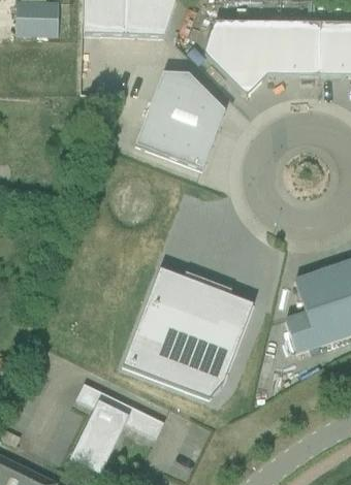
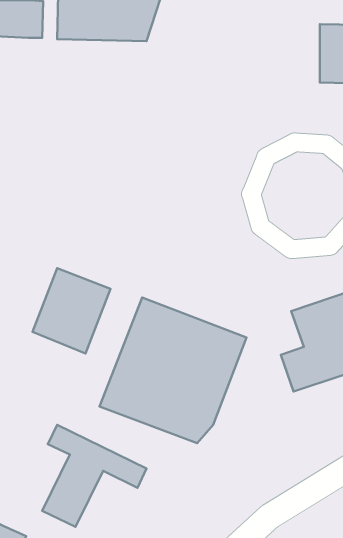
building: [204,21,320,95] -> none
building: [136,73,225,169] -> none
building: none -> [33,268,110,354]

